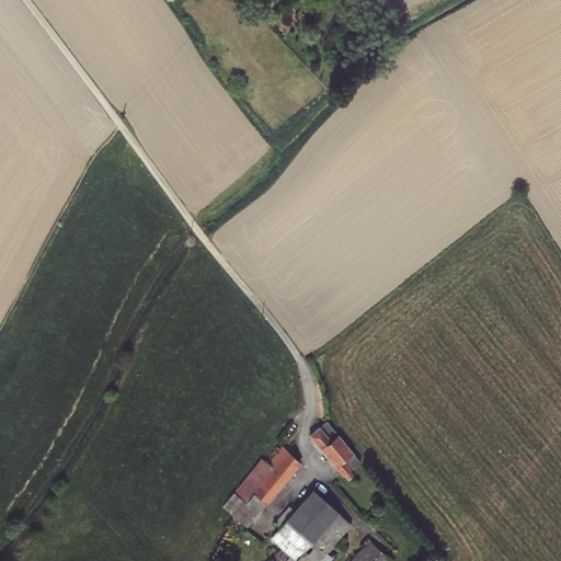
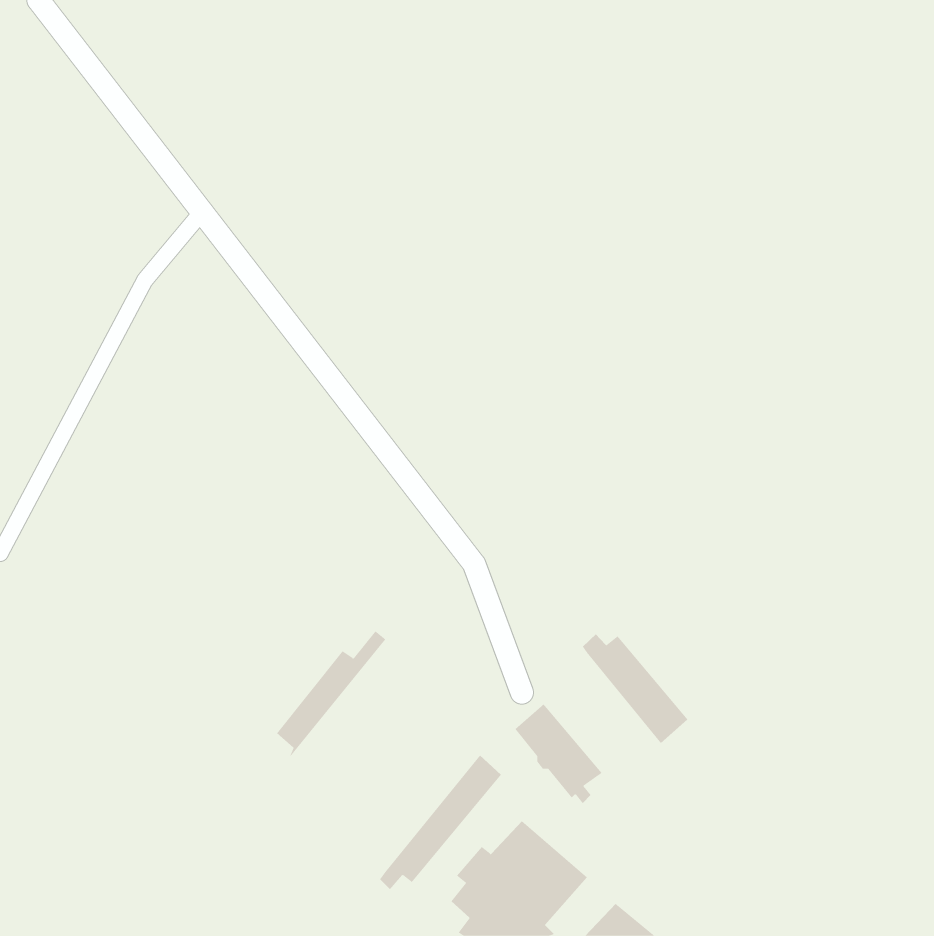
building: none -> [582,633,688,744]
building: [222,446,288,522] -> [276,630,386,757]

